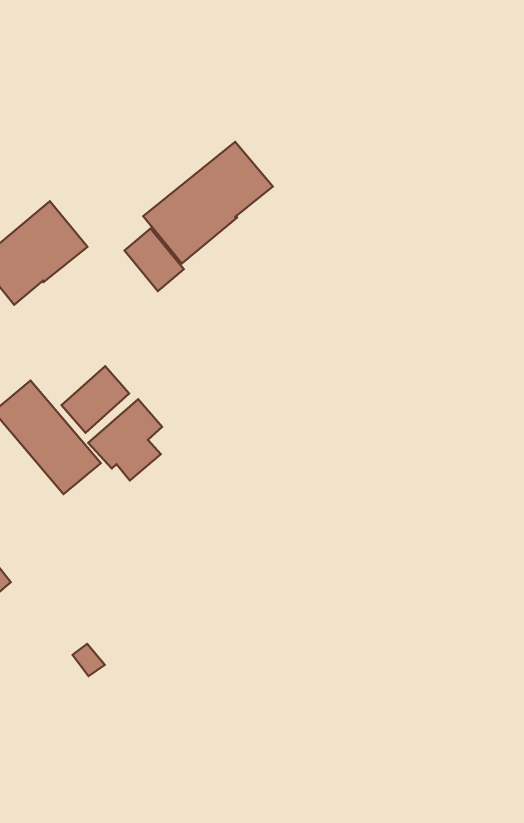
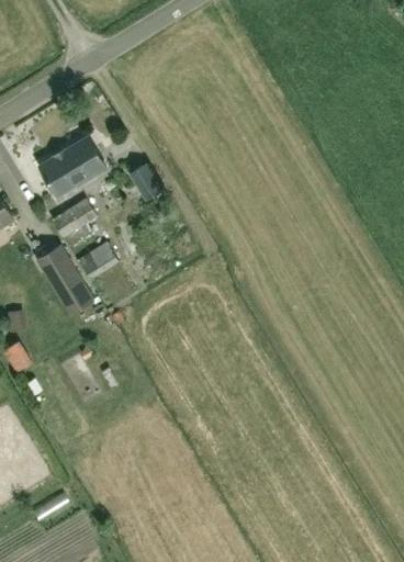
building: [143,142,273,263] -> none
building: [88,399,162,481] -> [52,196,98,245]

